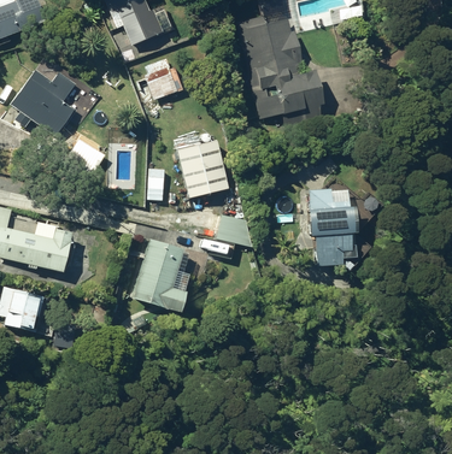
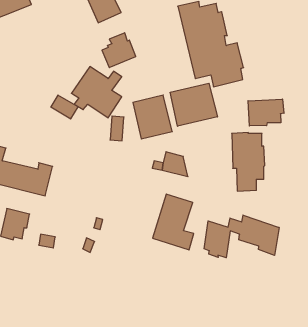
building: [10,70,76,137] -> [71,67,122,118]
building: none -> [170,83,217,126]
building: none -> [248,99,284,126]
building: [130,240,184,313] -> [153,194,194,250]
building: none -> [204,215,279,258]

